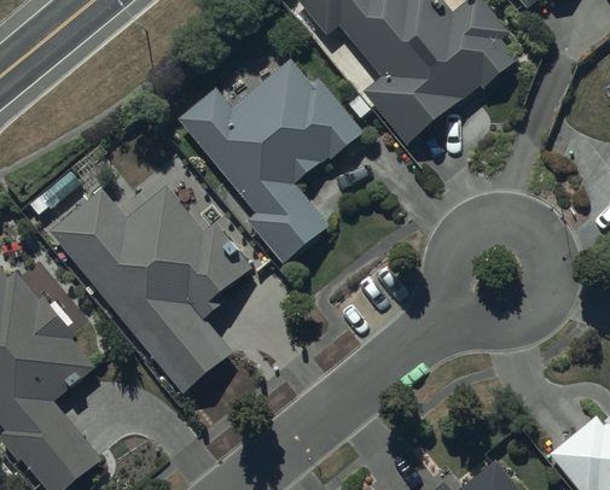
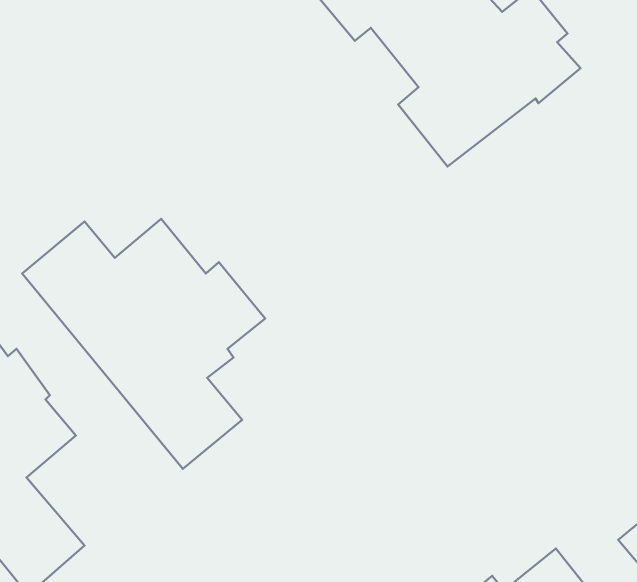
building: [179,58,362,263] -> none

